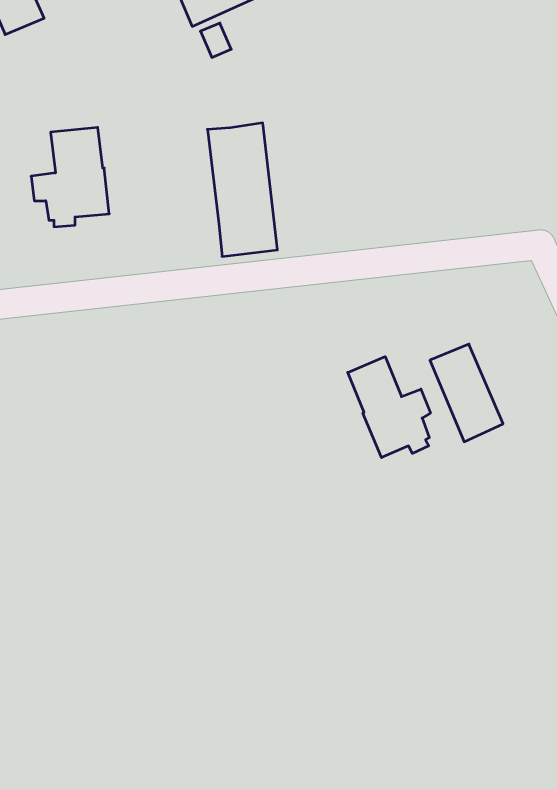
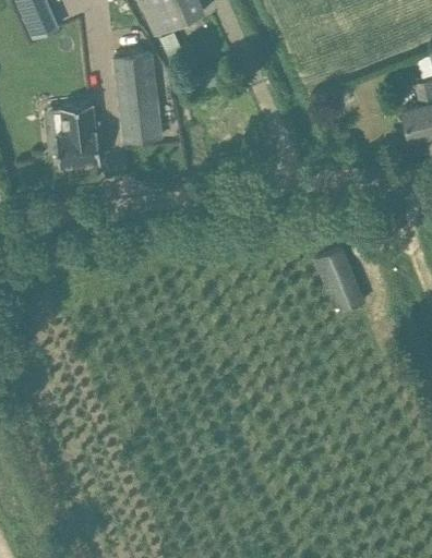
building: [207,123,277,256] -> [113,52,160,142]
building: [348,357,430,458] -> none

